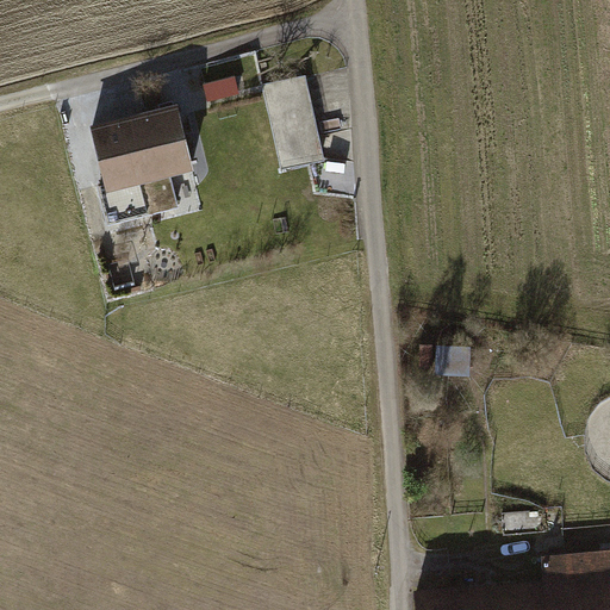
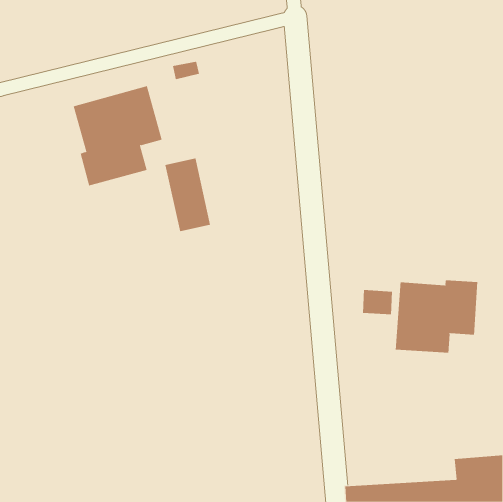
building: [266,76,322,166] -> [165,158,211,232]
building: none -> [395,279,478,354]

